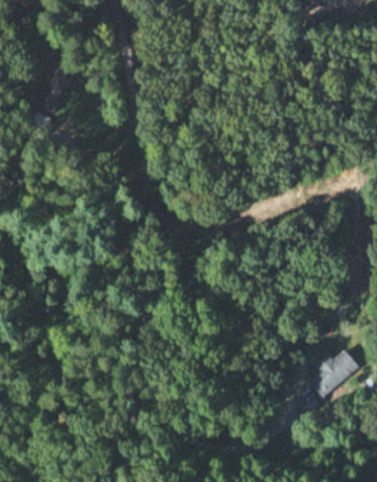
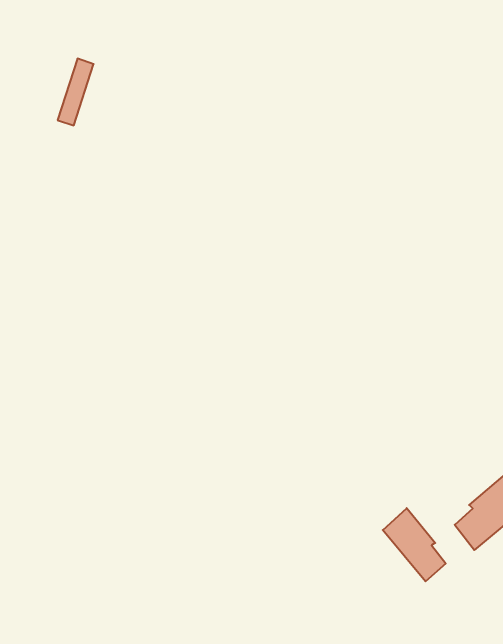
building: none -> [383,508,446,581]

